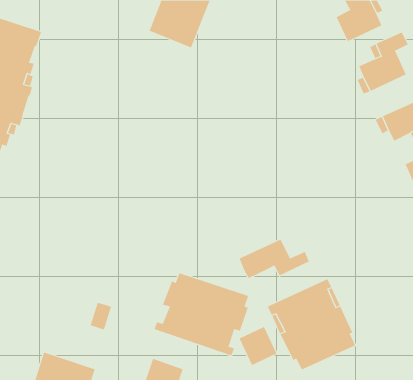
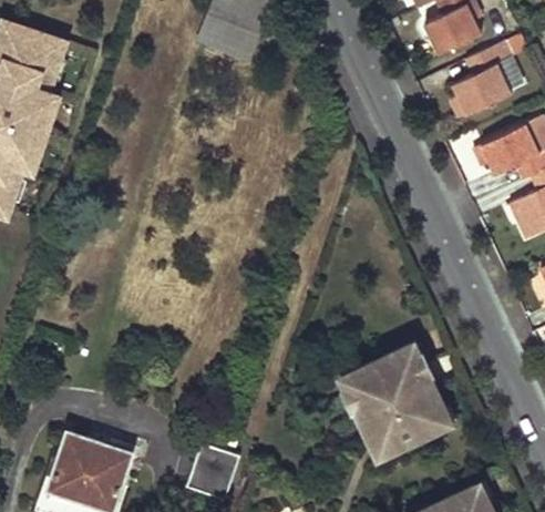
building: [239,239,310,279] -> none
building: [154,272,249,356] -> none
building: [239,326,277,366] -> none

